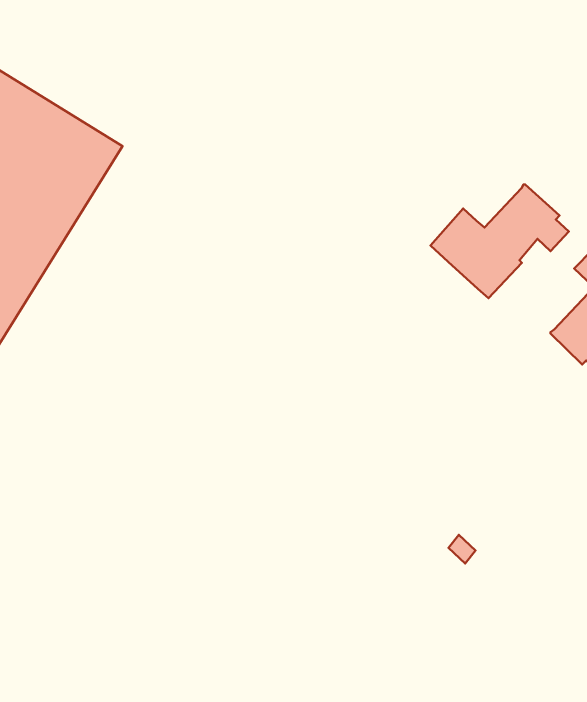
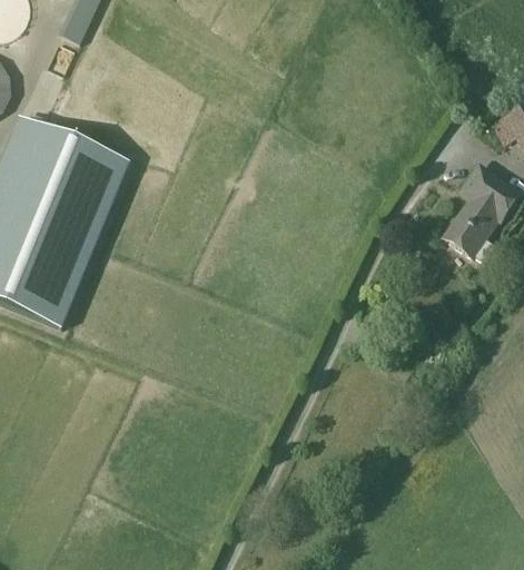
building: [431,184,569,298] -> none

